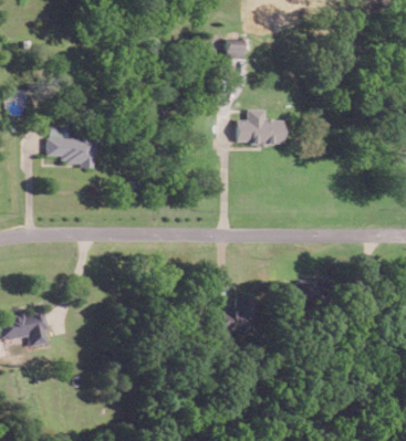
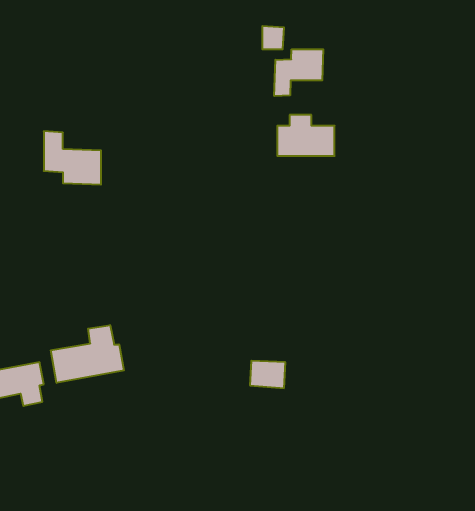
building: none -> [274,49,323,96]
building: none -> [51,325,124,383]

